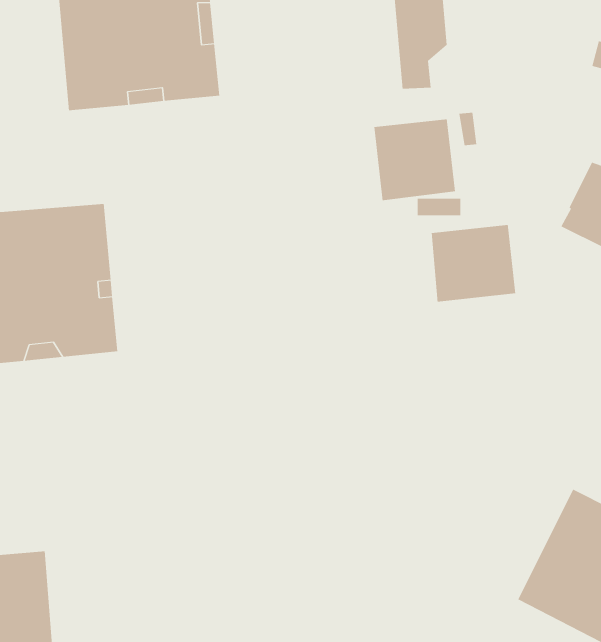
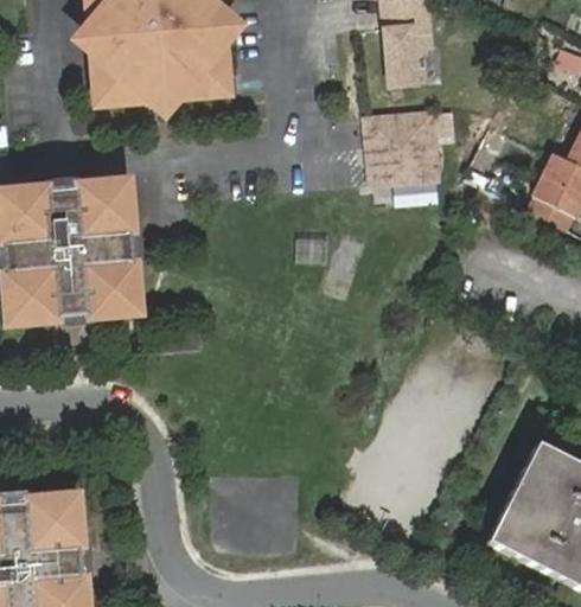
building: [431,224,516,302] -> none

